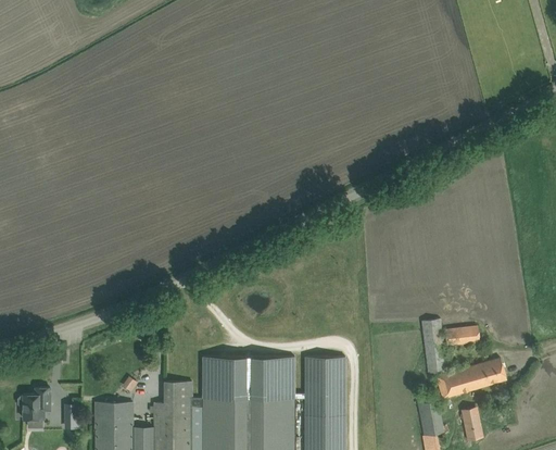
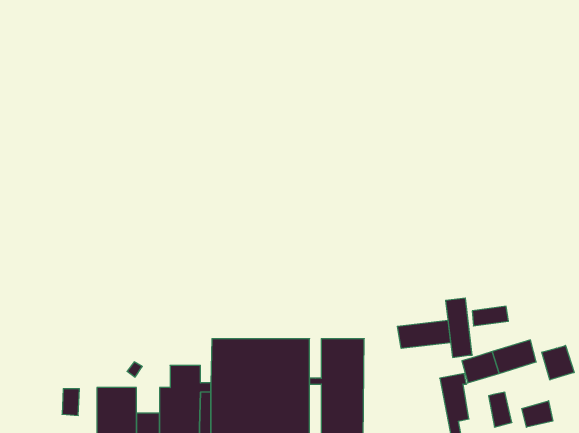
building: none -> [397,320,450,348]
building: none -> [542,345,574,380]
building: [17,388,50,421] -> none
building: none -> [522,401,553,427]

